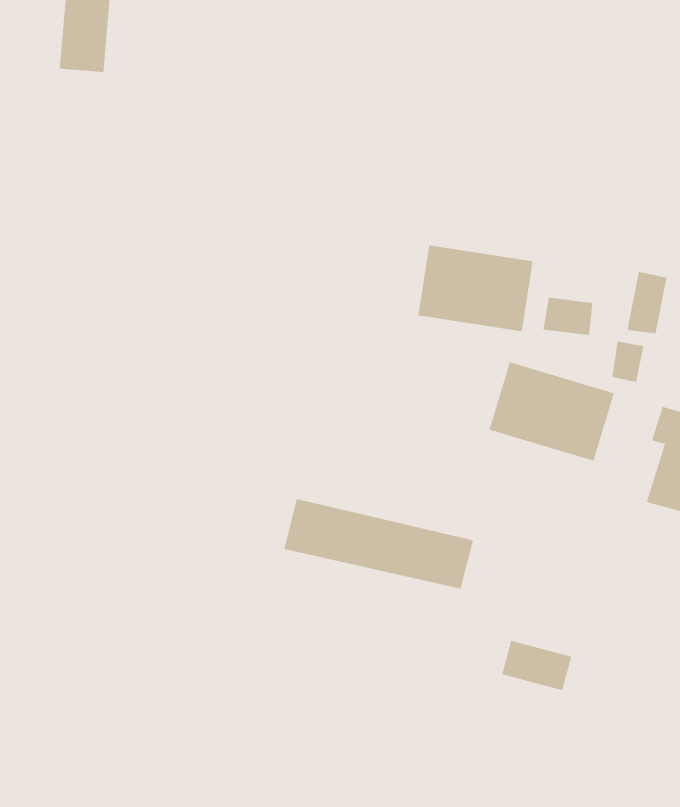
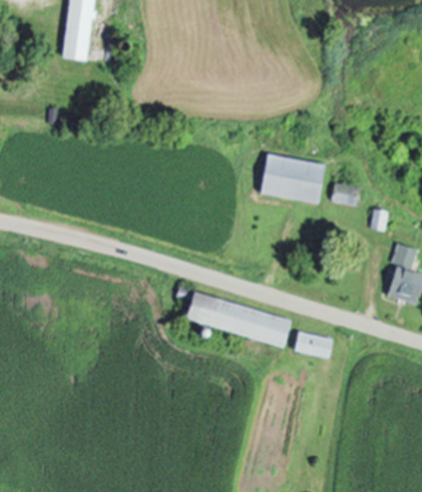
building: [627,271,667,334] -> none
building: [489,361,614,461] -> none
building: [501,640,572,691] -> [294,331,333,359]

